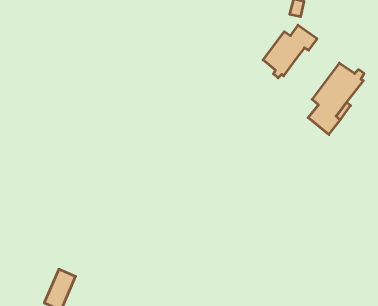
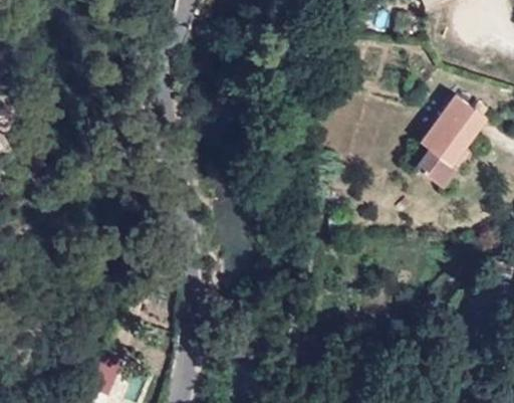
building: [263,25,317,78] -> none

